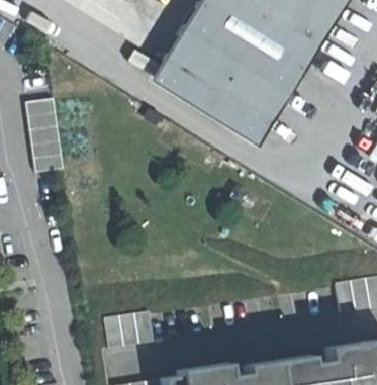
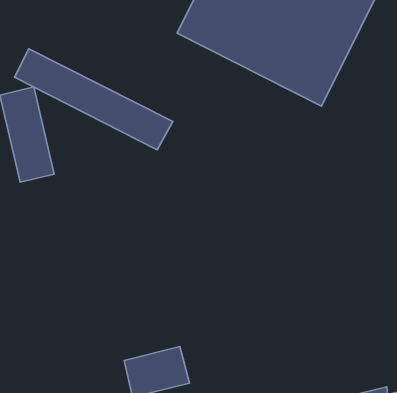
building: [153,63,274,151] -> [14,49,173,150]

